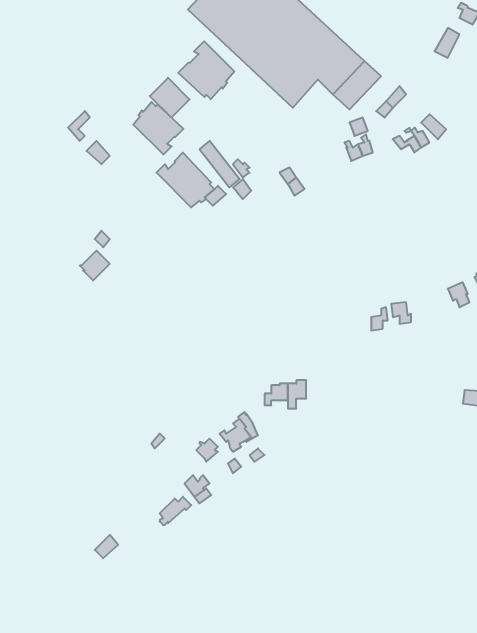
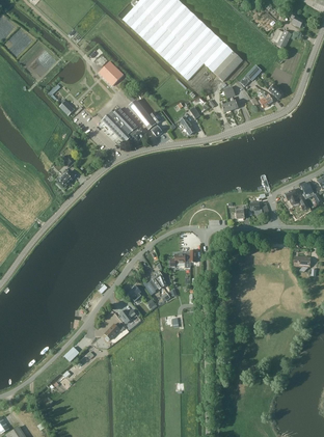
building: [178,41,234,99] -> none
building: [133,102,183,155] -> none

